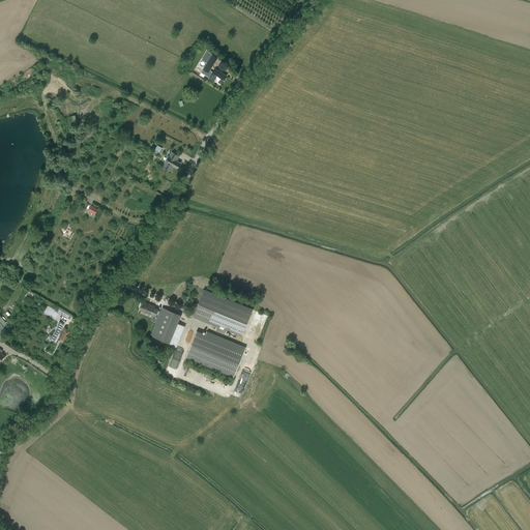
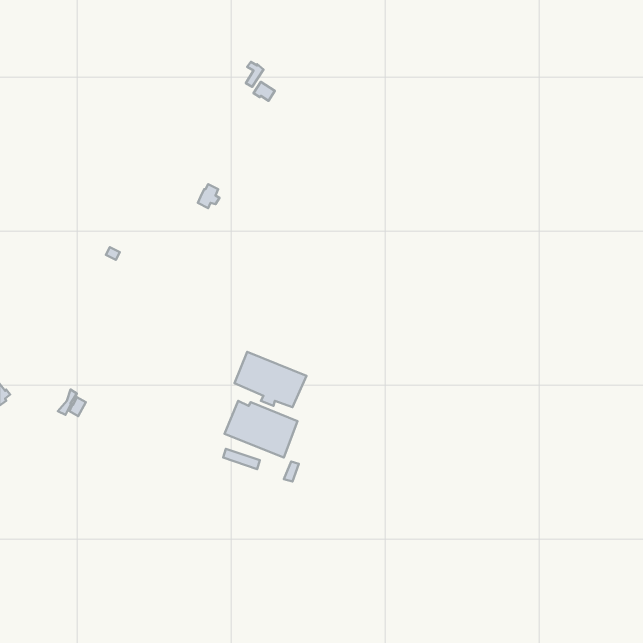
building: [139,301,184,352] -> none

